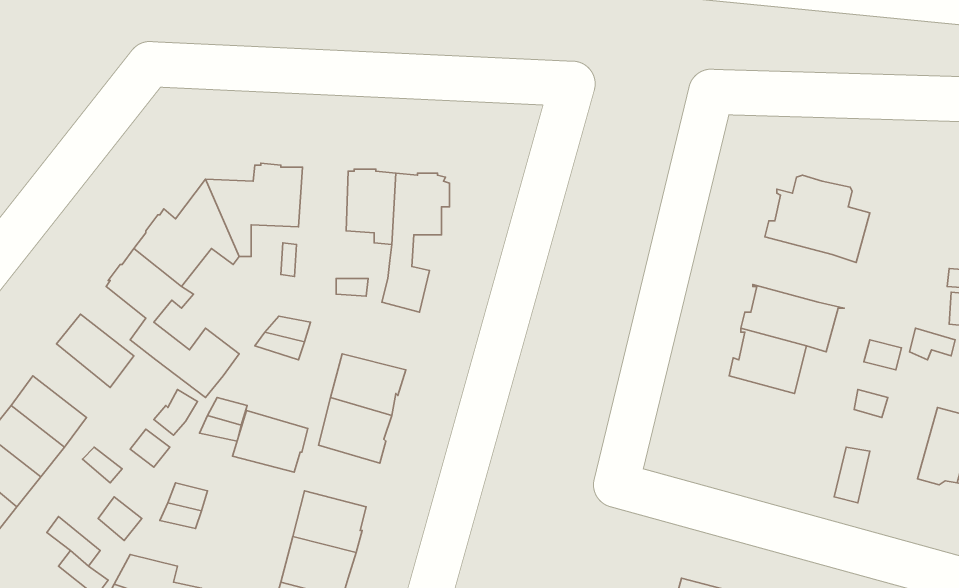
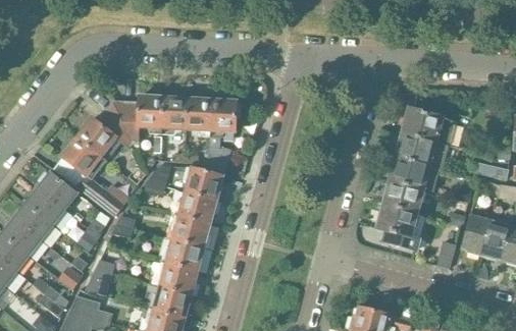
building: none -> [162,97,188,129]
building: none -> [396,132,449,169]
building: none -> [185,168,222,201]
building: none -> [25,187,65,225]
building: none -> [376,204,419,252]
building: none -> [461,214,491,257]
building: [233,411,308,472] -> [165,239,204,271]

